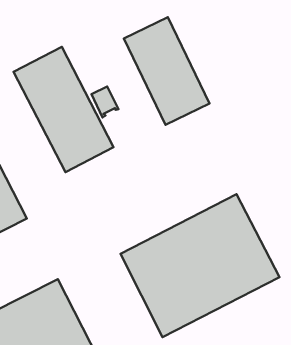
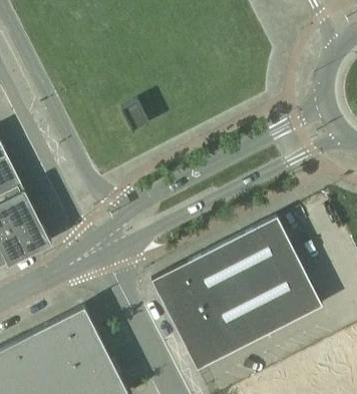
building: [124,17,209,125] -> none
building: [14,47,114,172] -> none

